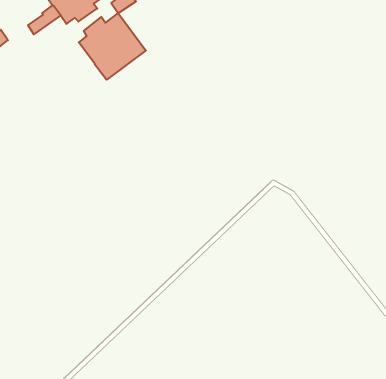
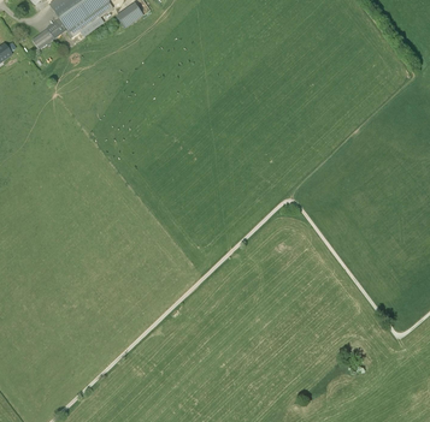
building: [79,13,146,80] -> none

